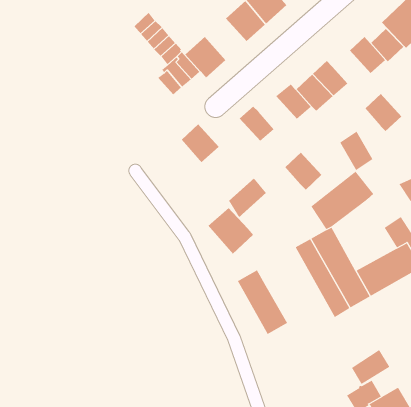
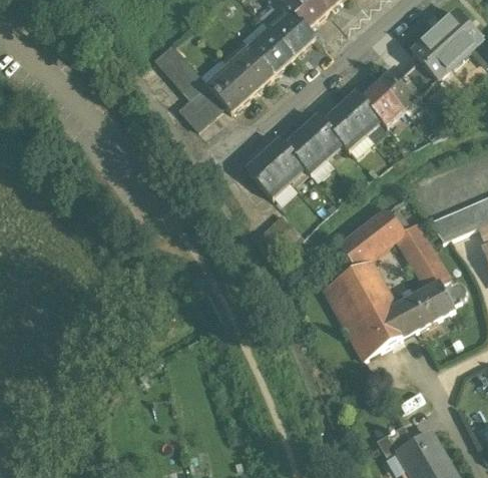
building: none -> [229,50,273,93]
building: [364,93,402,132] -> [362,83,401,123]
building: [181,123,219,163] -> [247,153,287,194]
building: [339,131,373,171] -> [398,225,433,267]
building: [284,152,322,190] -> [286,130,325,170]
building: [208,207,254,255] -> none
building: [237,270,288,335] -> none
building: [351,349,390,385] -> none

